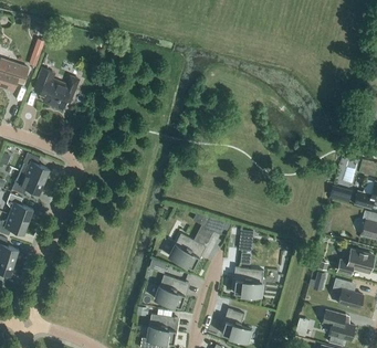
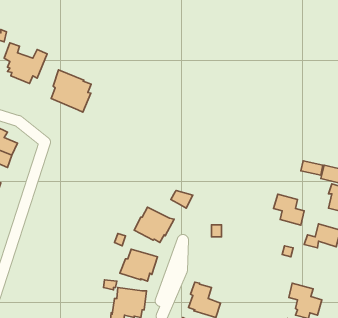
building: none -> [51,70,91,112]
building: [233,266,263,297] -> none
building: [332,278,363,309] -> [273,194,304,225]

